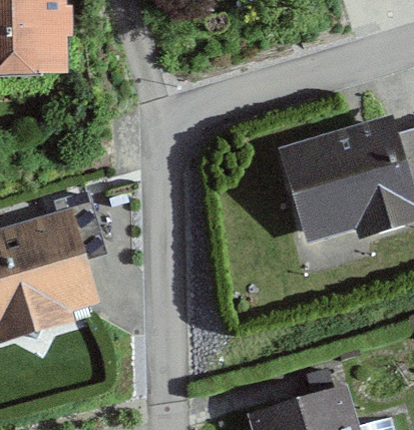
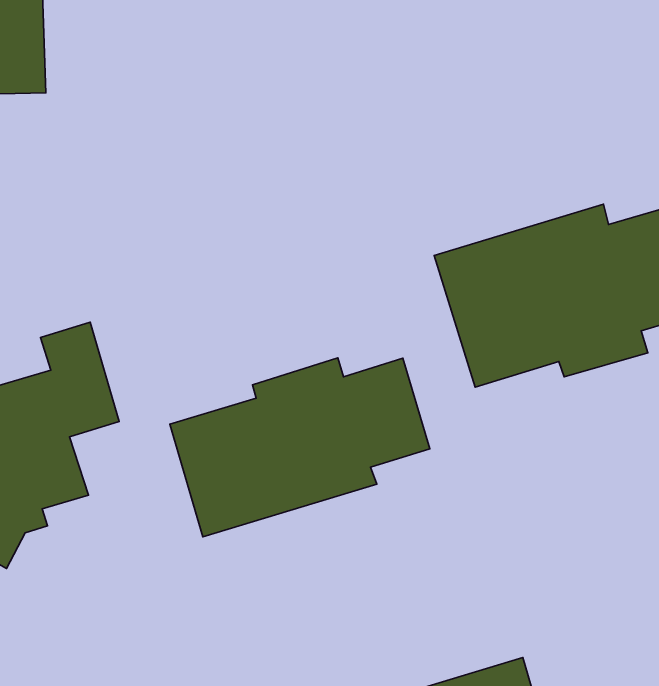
building: none -> [170,358,430,537]

